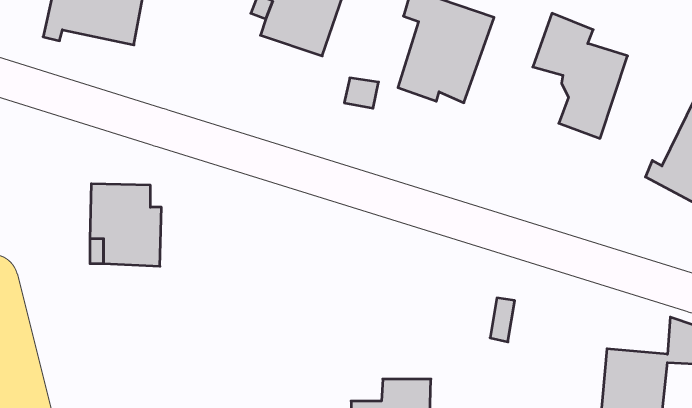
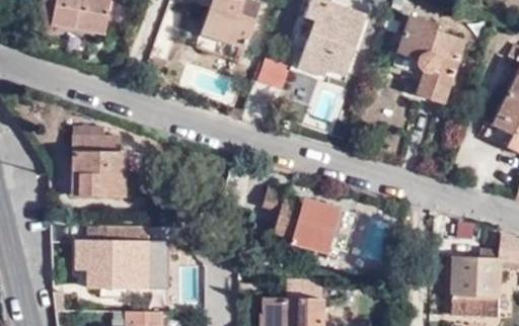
building: none -> [263,188,353,255]
building: none -> [77,239,169,290]

